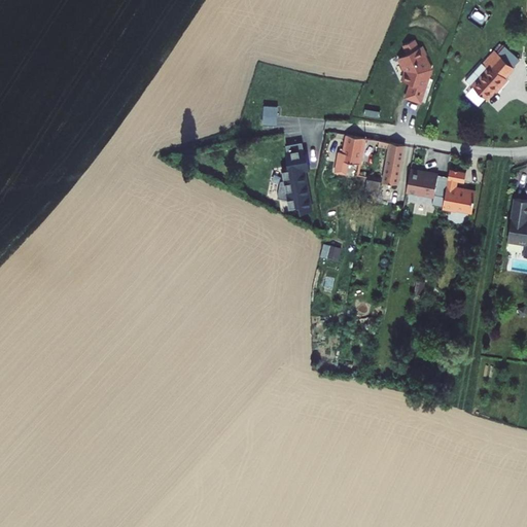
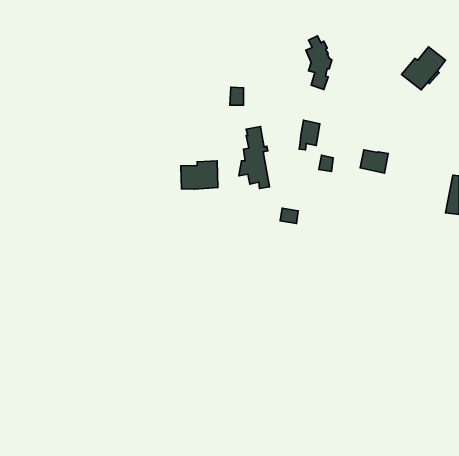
building: [396,43,426,105] -> [306,36,332,90]
building: [380,140,407,190] -> none
building: [447,172,481,216] -> none
building: none -> [181,161,218,189]

